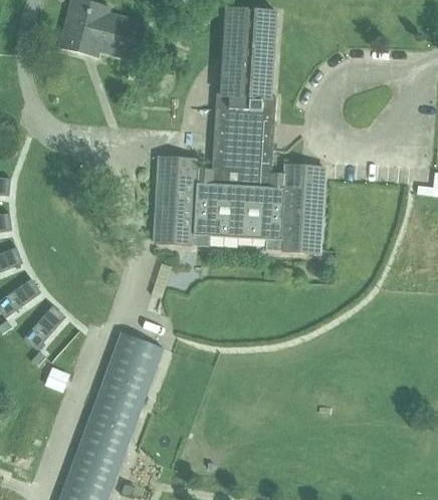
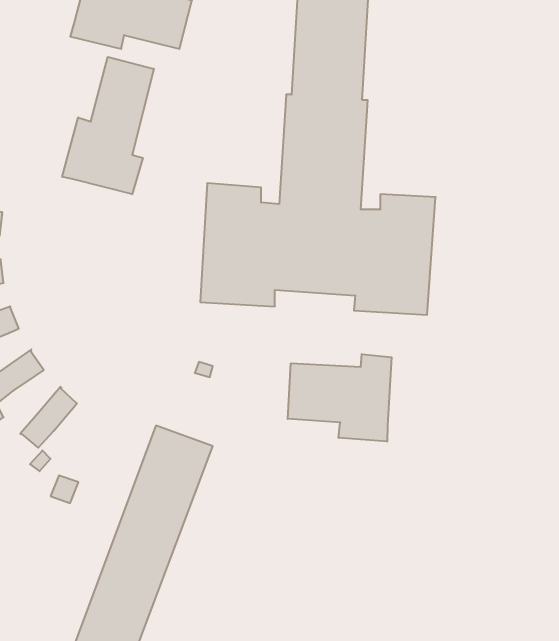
building: none -> [62,57,154,194]
building: none -> [288,354,392,442]

